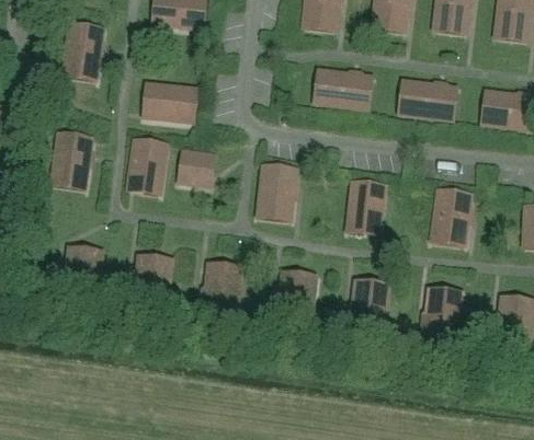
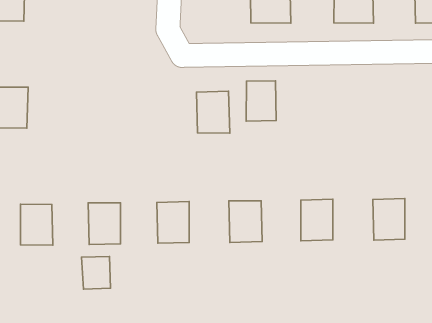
building: [151,84,195,118] -> none
building: [128,139,164,183] -> none
building: [178,149,213,184] -> none
building: [348,181,383,224] -> [246,81,276,121]
building: [432,189,469,235] -> none
building: none -> [82,256,110,289]

